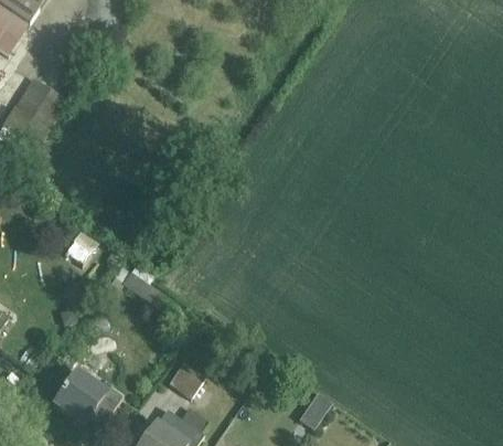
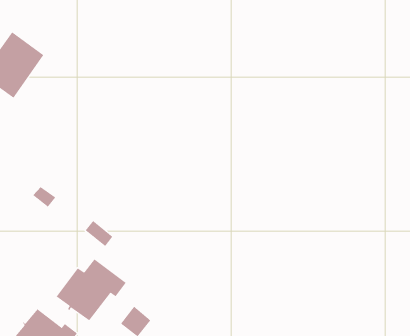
building: none -> [56,259,126,321]

